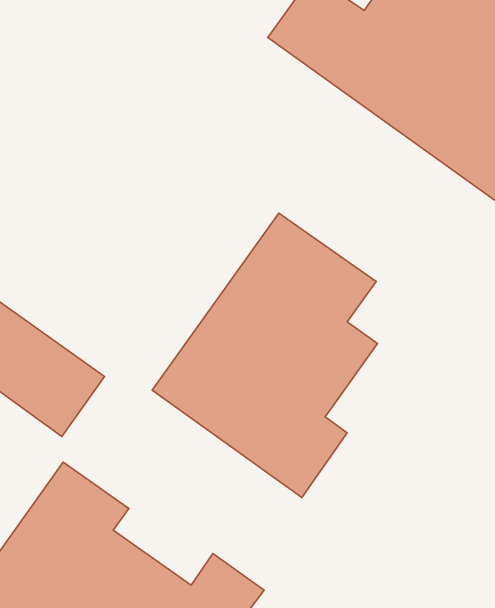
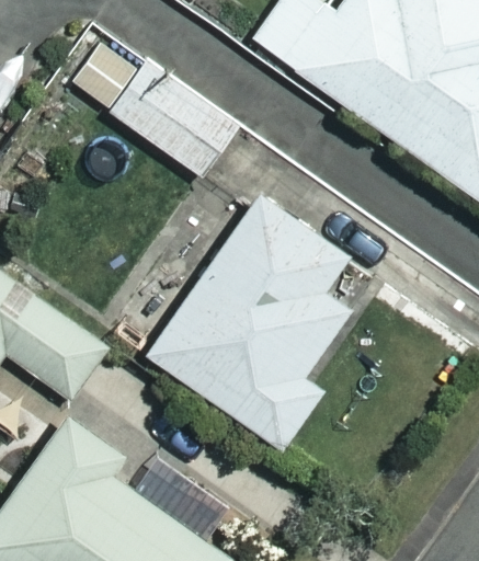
building: none -> [110,60,240,178]

